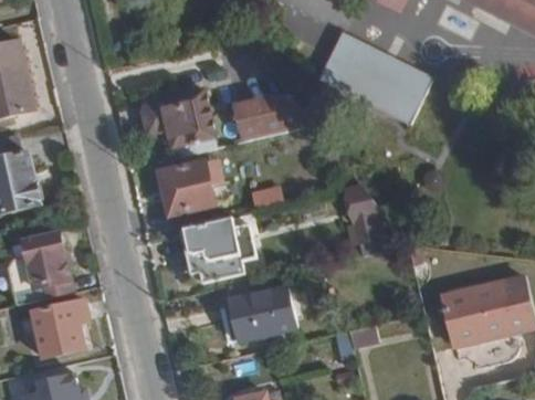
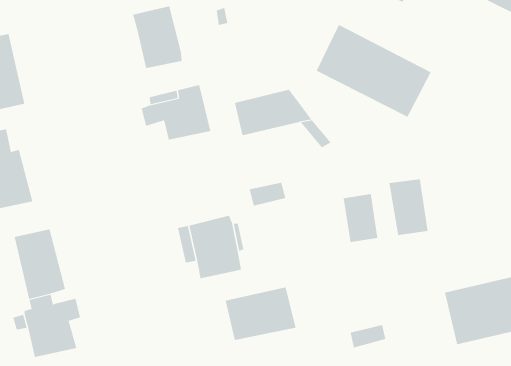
building: none -> [133,5,182,69]
building: [160,159,225,214] -> none
building: none -> [389,179,428,236]

